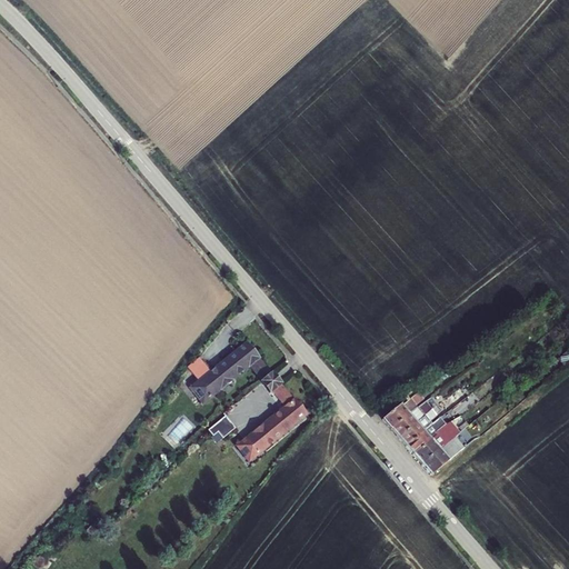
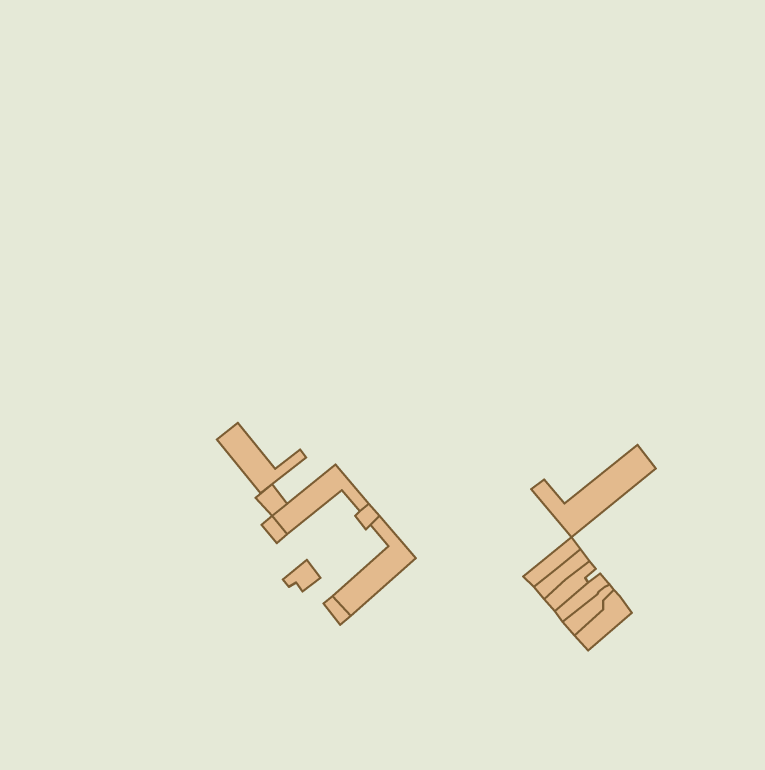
building: none -> [217,423,306,493]
building: none -> [531,445,656,537]

